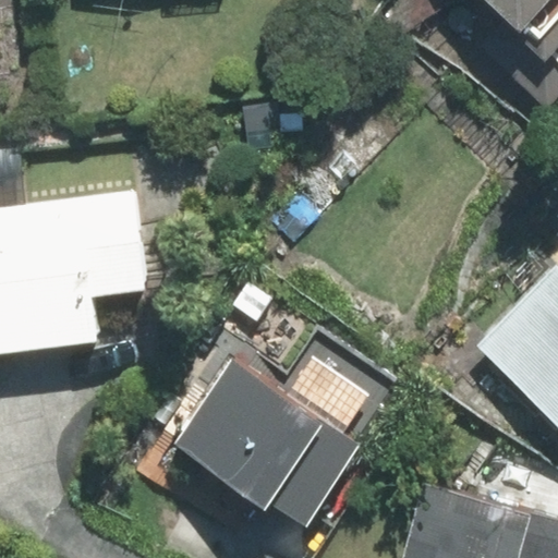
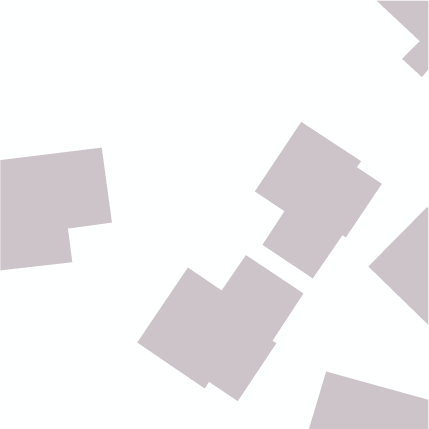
building: none -> [254,121,383,280]

